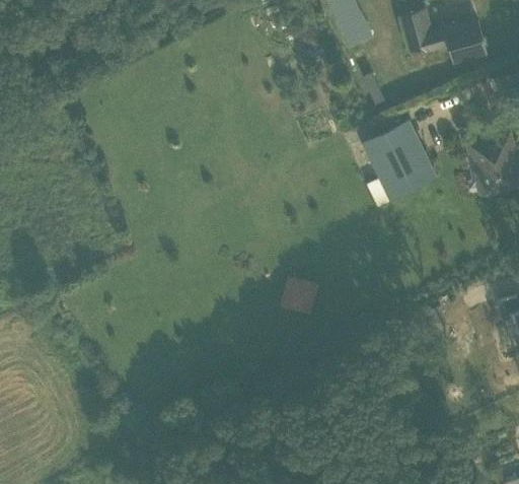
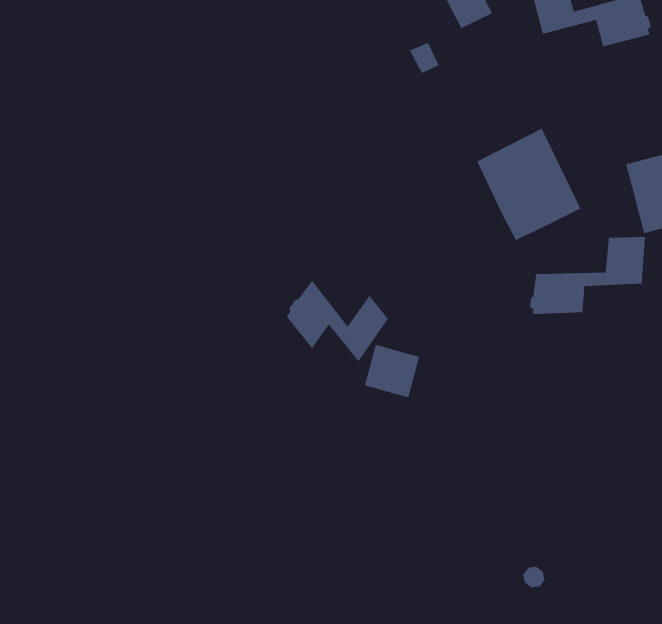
building: none -> [529,236,646,315]
building: none -> [286,280,389,362]

